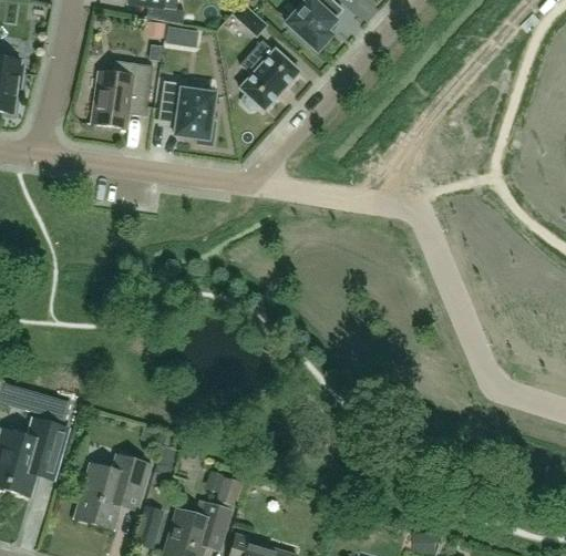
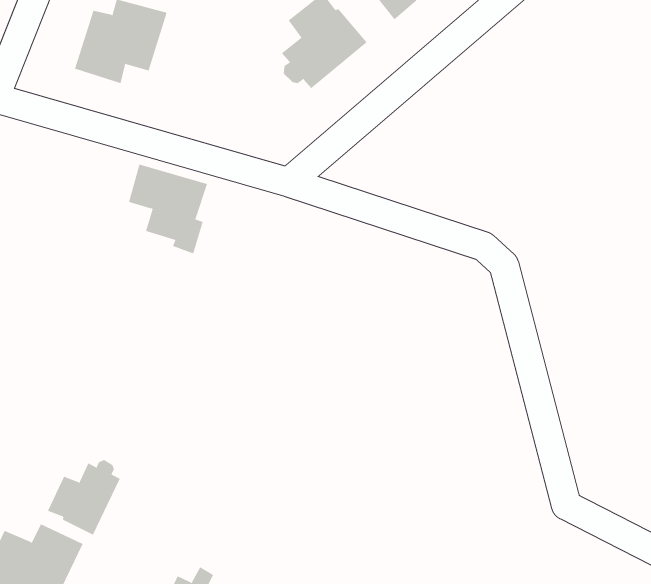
building: [158,86,215,145] -> [128,164,208,254]
building: none -> [47,459,120,535]

